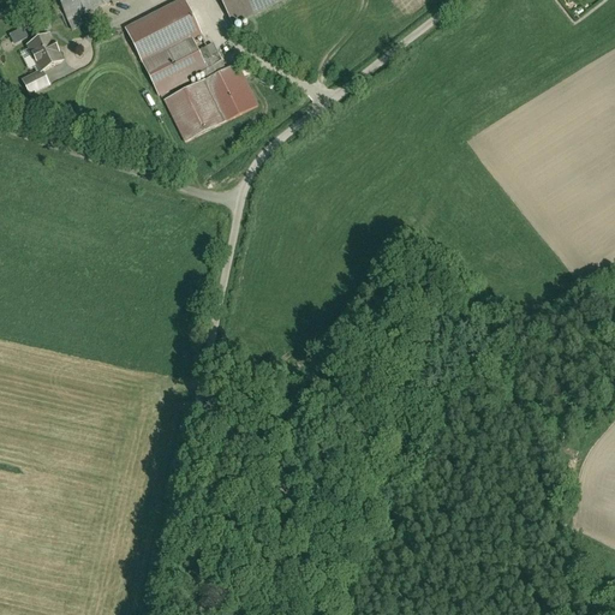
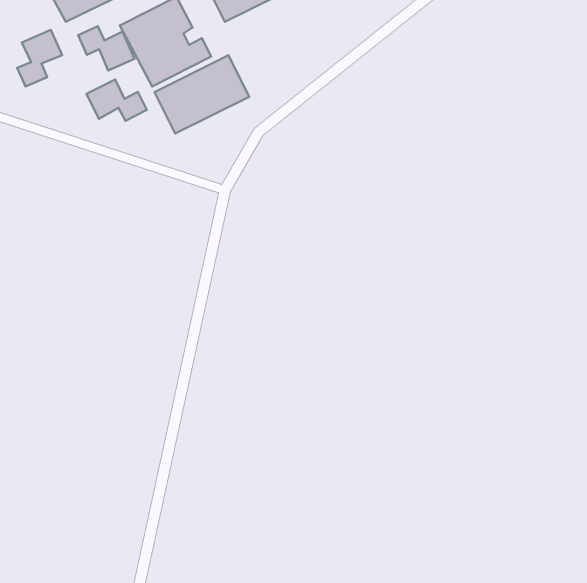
building: none -> [78,26,134,70]
building: none -> [87,79,147,121]

